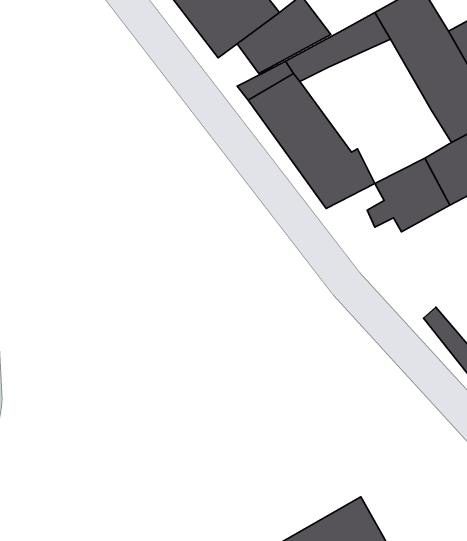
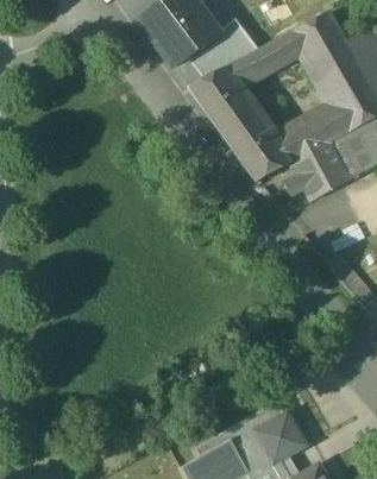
building: none -> [281,105,352,160]

